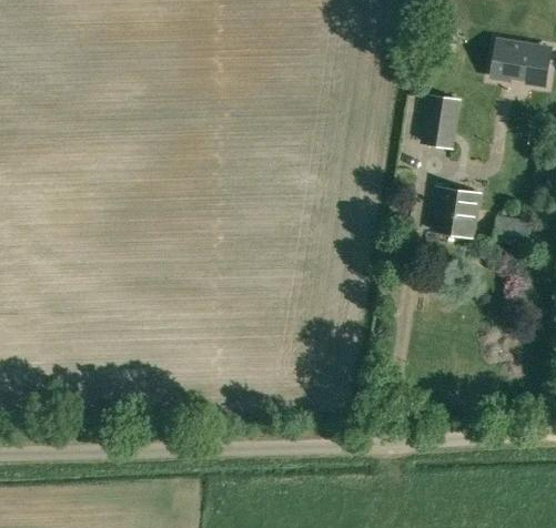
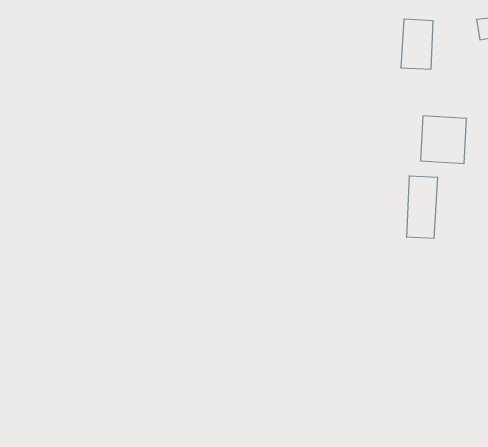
building: none -> [407,176,438,238]

